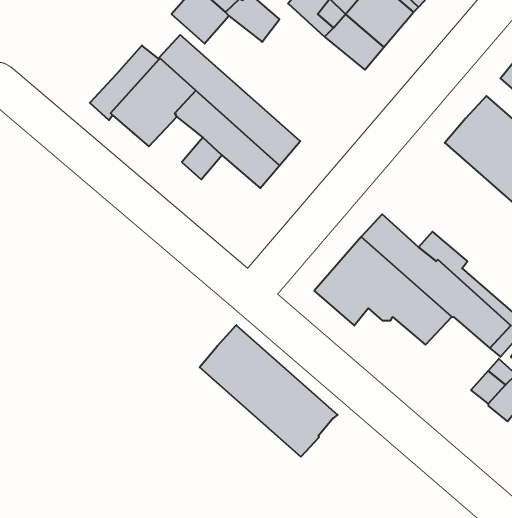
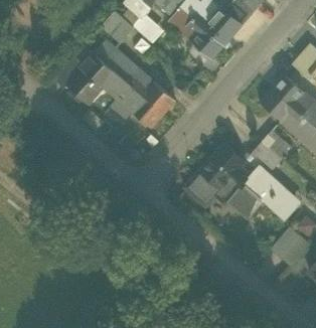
building: none -> [252,130,291,170]
building: [200,325,338,457] -> none

